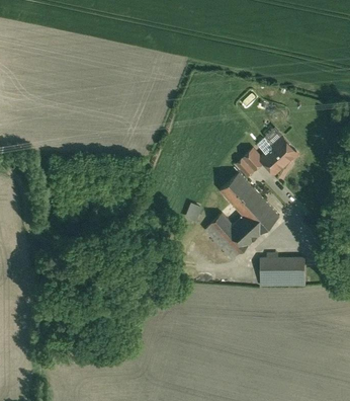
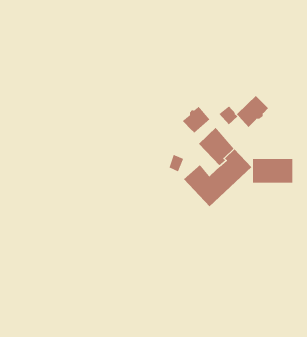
building: none -> [182,106,211,134]
building: [260,257,304,285] -> [252,158,293,183]

